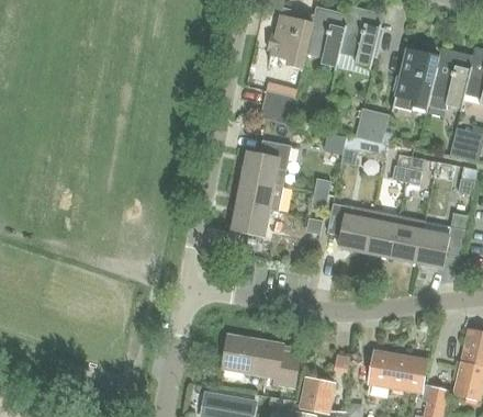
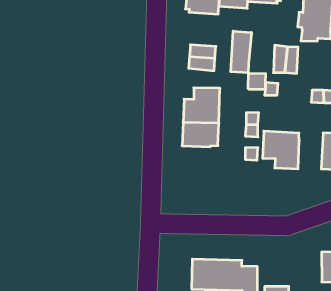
building: none -> [231,31,251,73]
building: [232,203,269,236] -> none
building: [364,211,400,256] -> none

